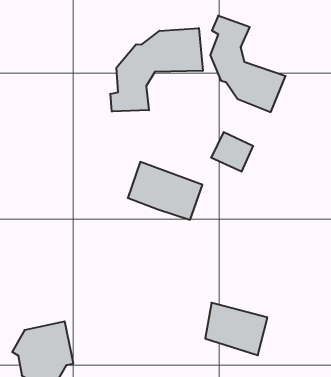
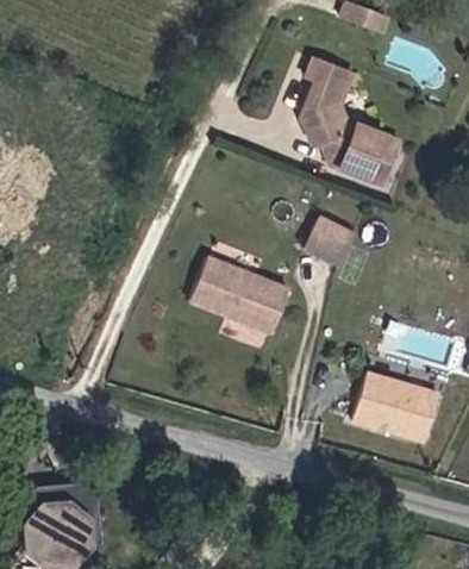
building: [110,28,203,112] -> none
building: [205,303,267,355] -> [355,370,439,442]

